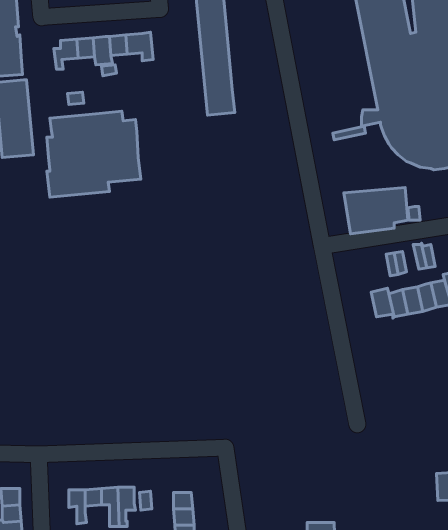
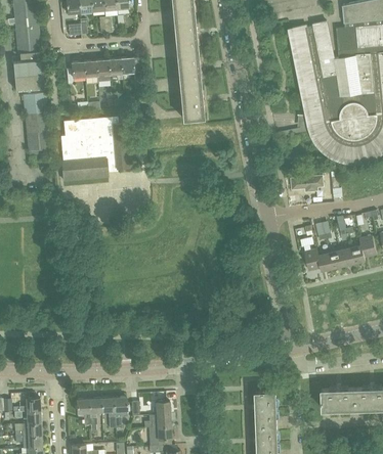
building: none -> [321,389,354,410]
building: none -> [254,392,276,425]

